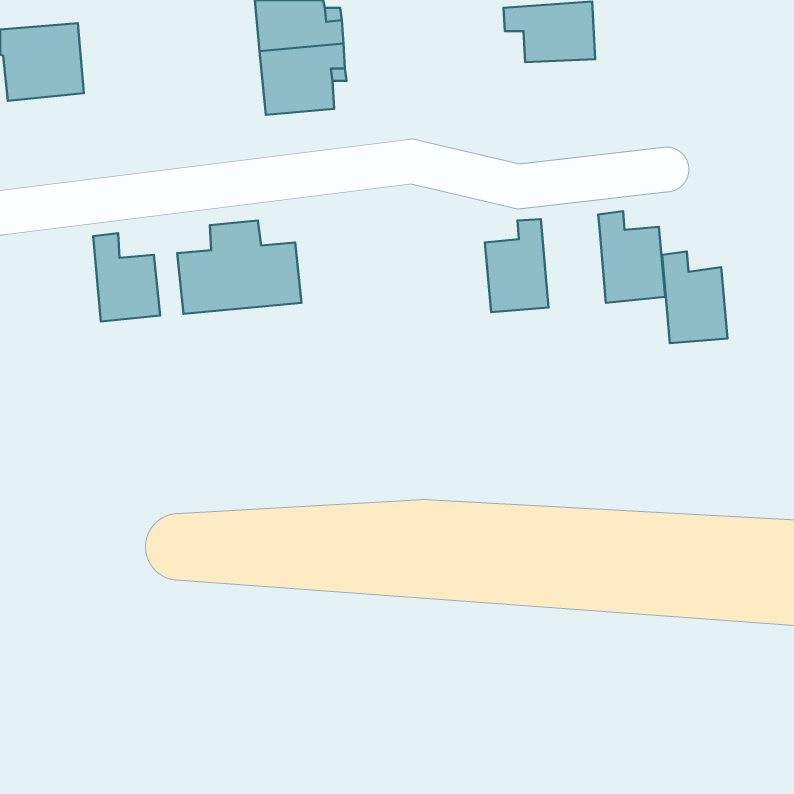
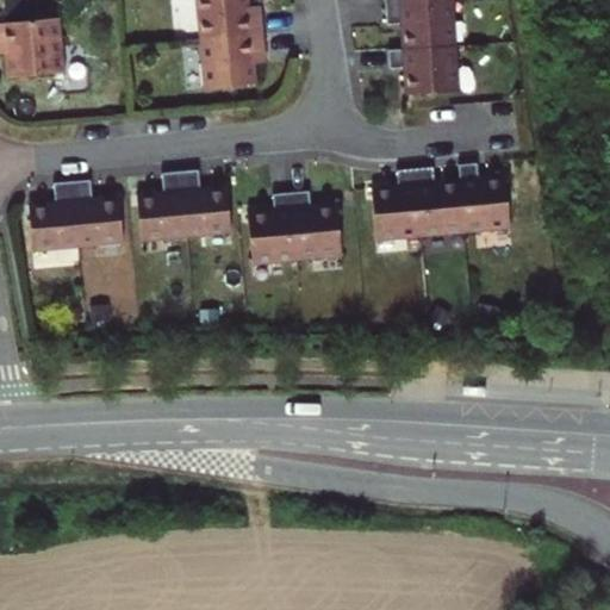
building: none -> [388,45,460,94]
building: none -> [29,181,77,250]
building: none -> [247,189,341,262]
building: [662,252,727,343] -> [415,166,465,236]

